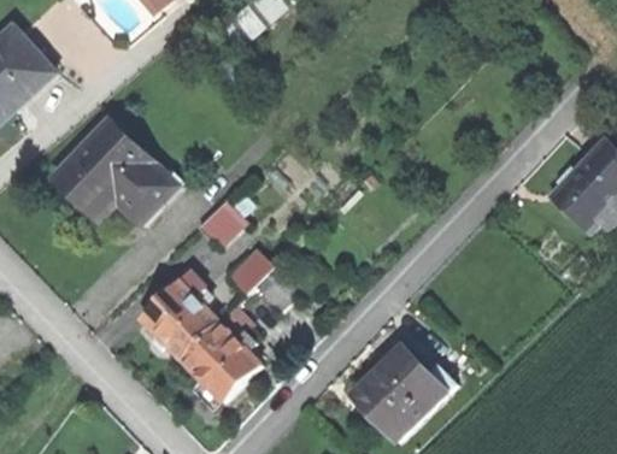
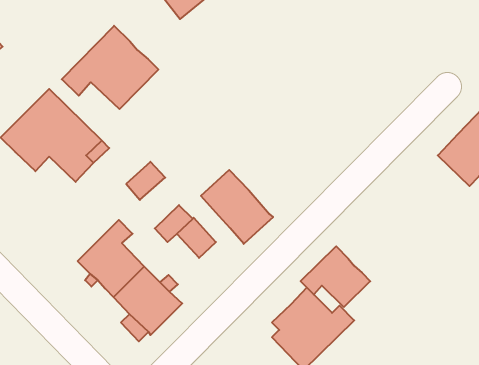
building: none -> [62,26,158,109]
building: none -> [201,170,273,244]
building: none -> [301,246,370,307]

